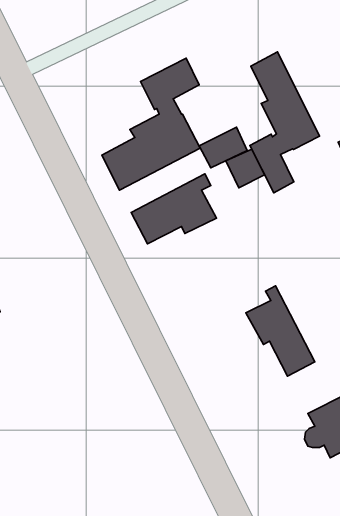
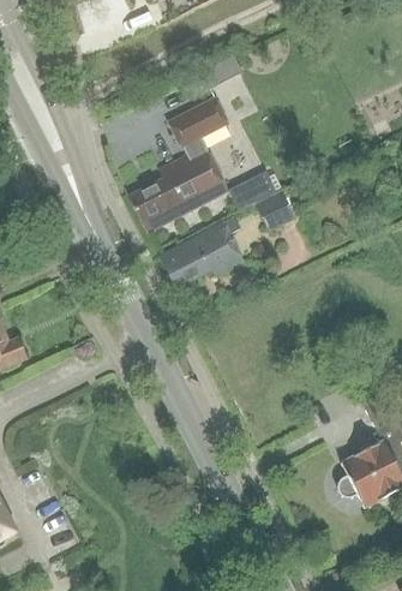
building: [250,52,320,193] -> none
building: [246,286,315,376] -> none

